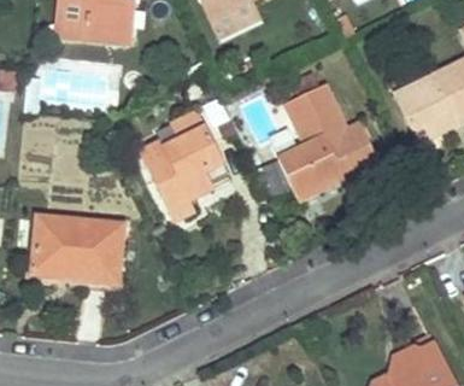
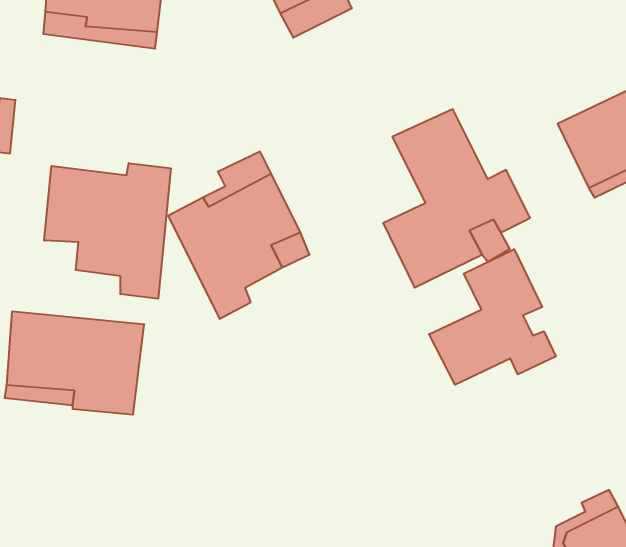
building: none -> [44,163,171,299]
building: none -> [429,249,556,385]

